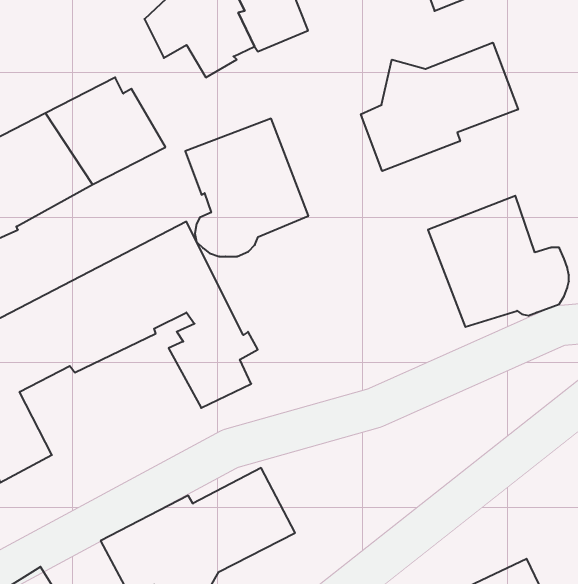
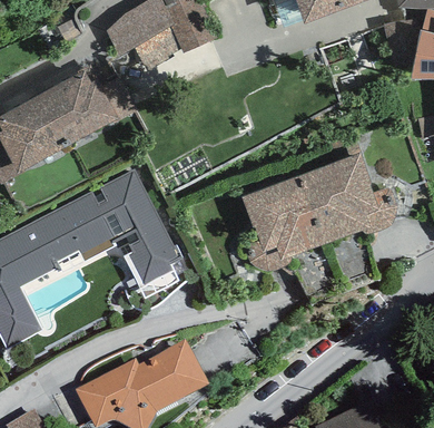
building: [361,43,518,171] -> none
building: [185,119,308,256] -> [240,175,325,270]

